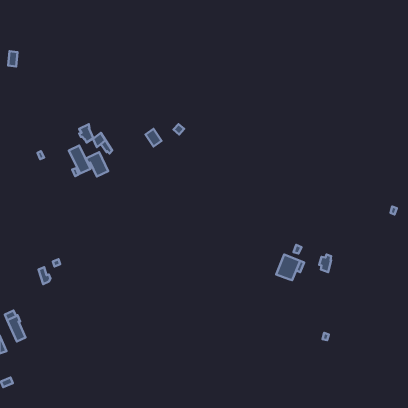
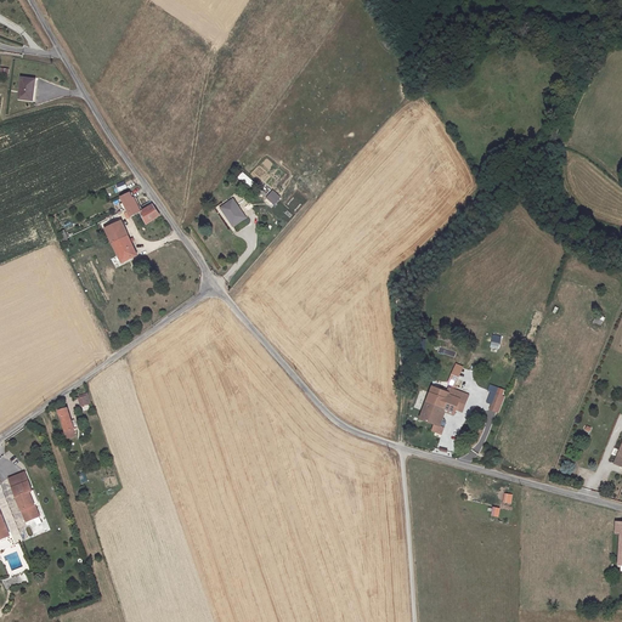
building: [86,152,108,176] -> none

